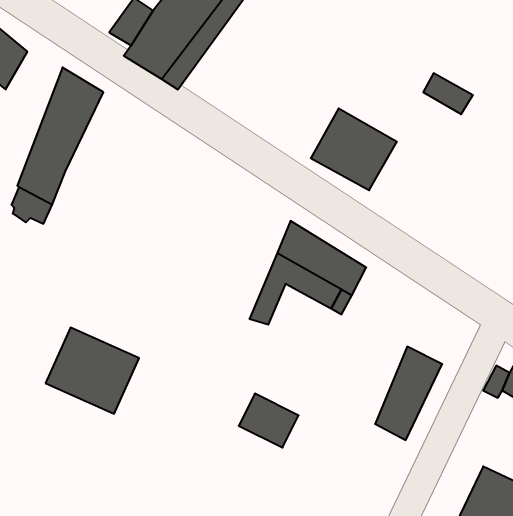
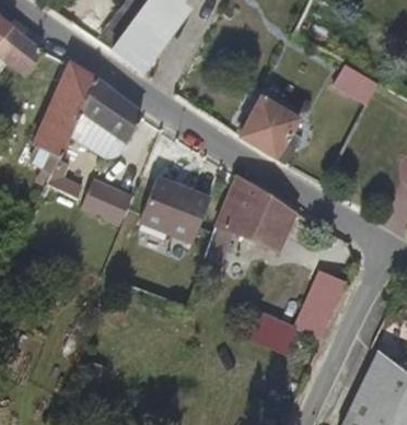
building: none -> [66,78,141,153]
building: none -> [77,178,128,224]
building: [46,328,139,414] -> [133,180,204,245]
building: [239,394,299,448] -> [251,309,295,350]

